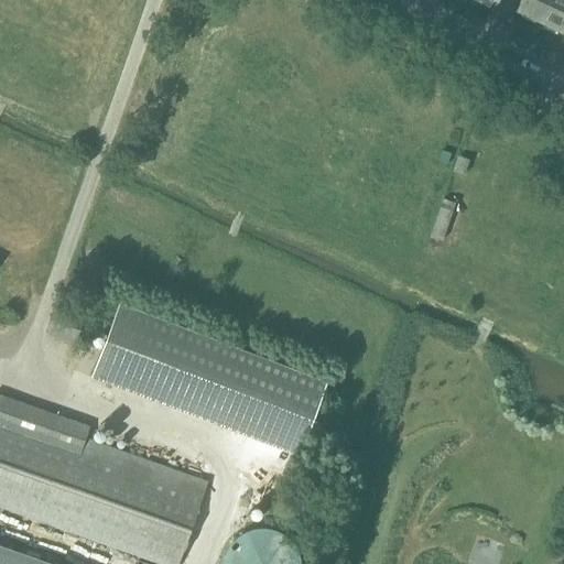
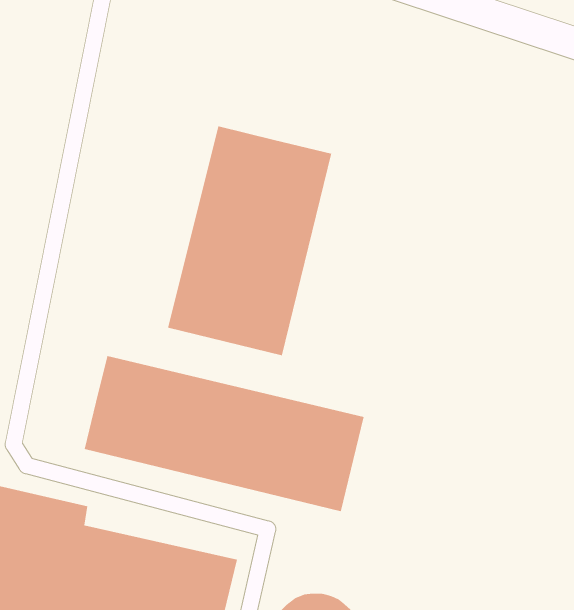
building: none -> [167,126,332,356]

